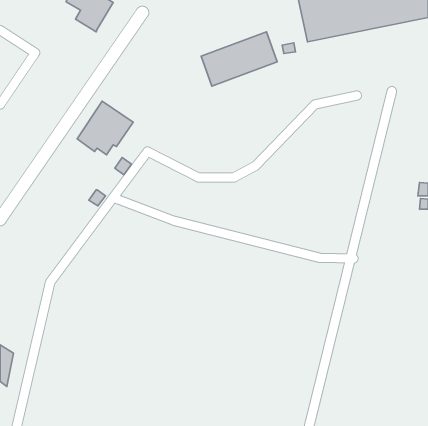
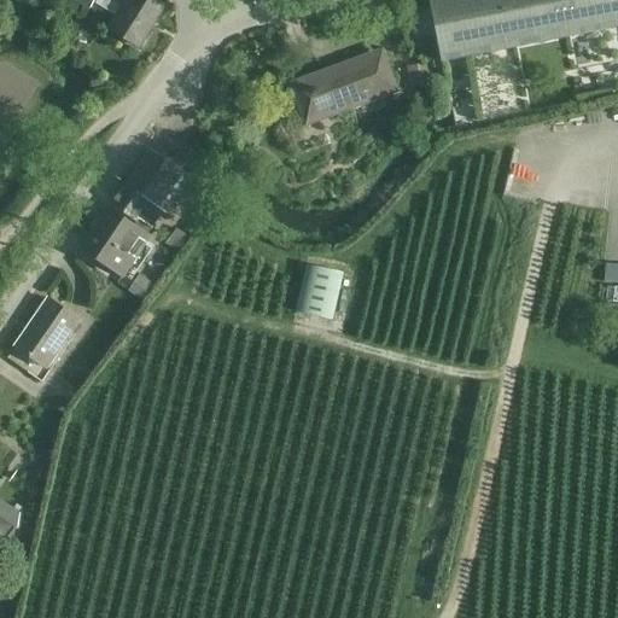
building: none -> [81,206,150,274]
building: none -> [295,263,343,319]
building: none -> [14,297,78,366]

